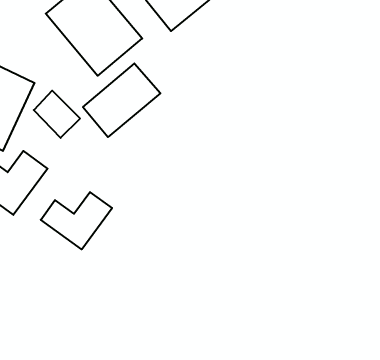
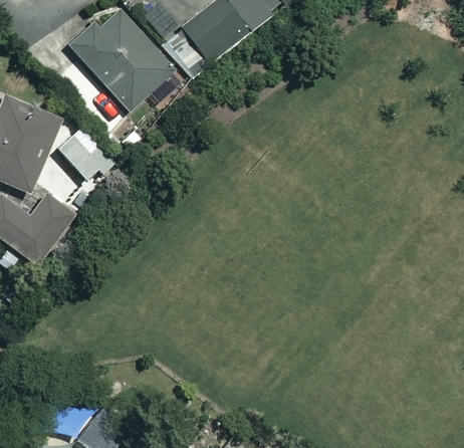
building: [83,63,160,137] -> none
building: [41,192,112,249] -> none

